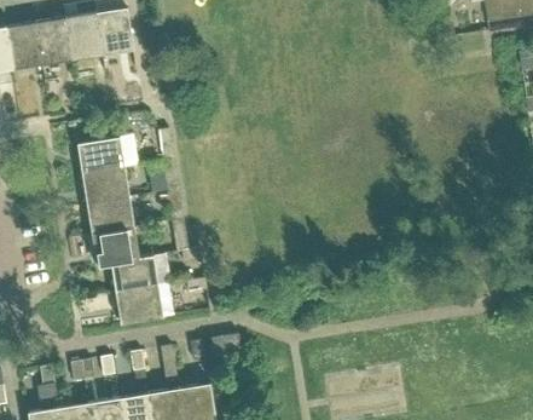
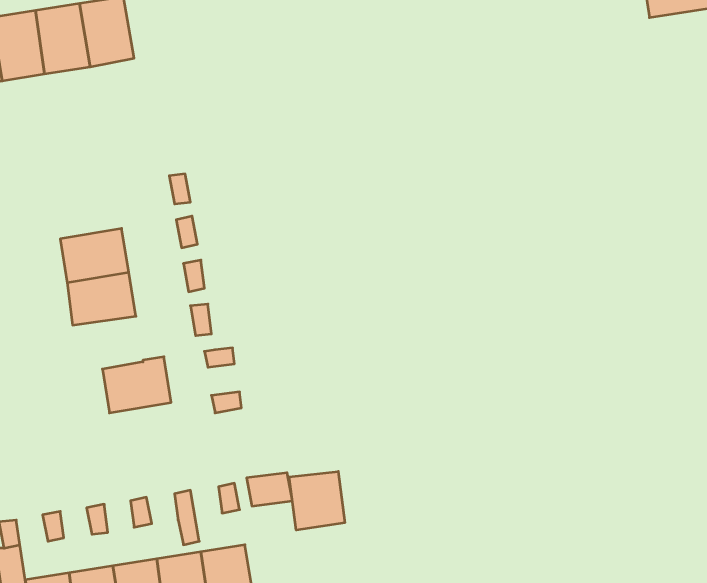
building: [75,133,137,173] -> none
building: [89,226,138,265] -> none
building: [115,286,162,323] -> none
building: none -> [289,471,345,530]

